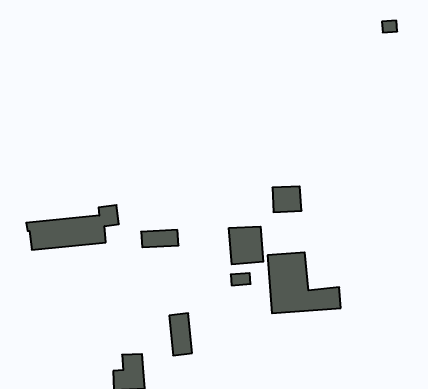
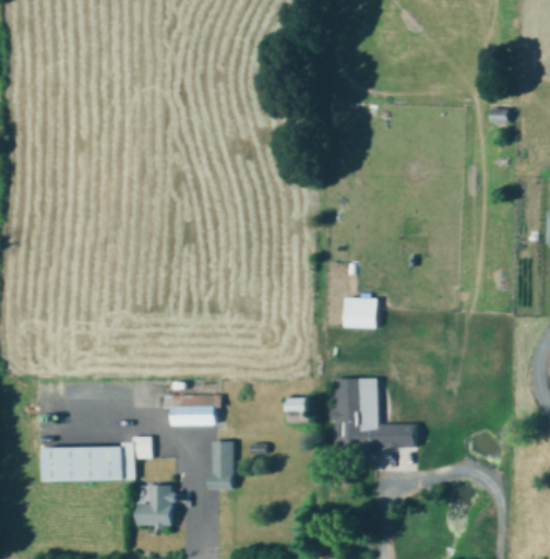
building: [26,205,119,250] -> [39,435,151,480]
building: [229,227,263,264] -> none
building: [141,230,179,247] -> [172,405,216,425]

